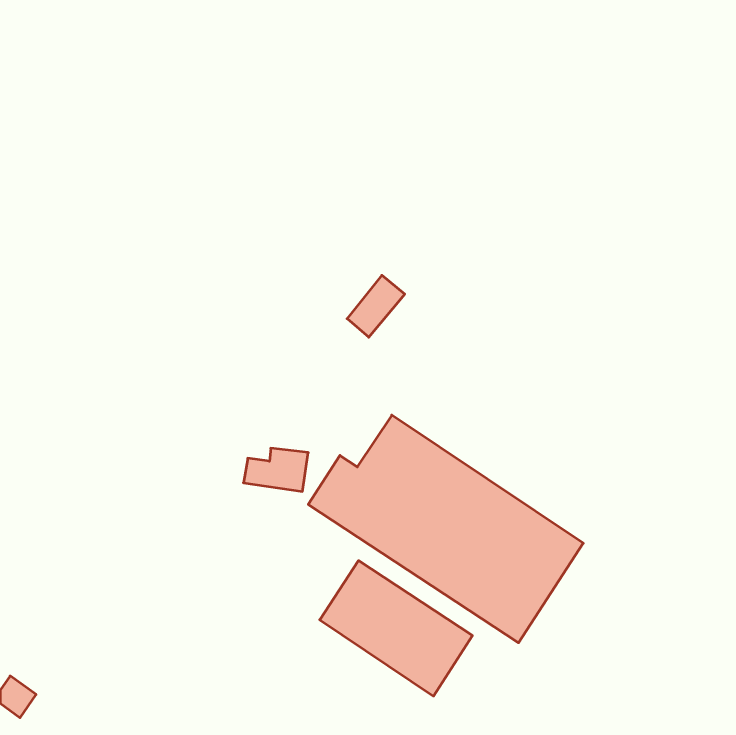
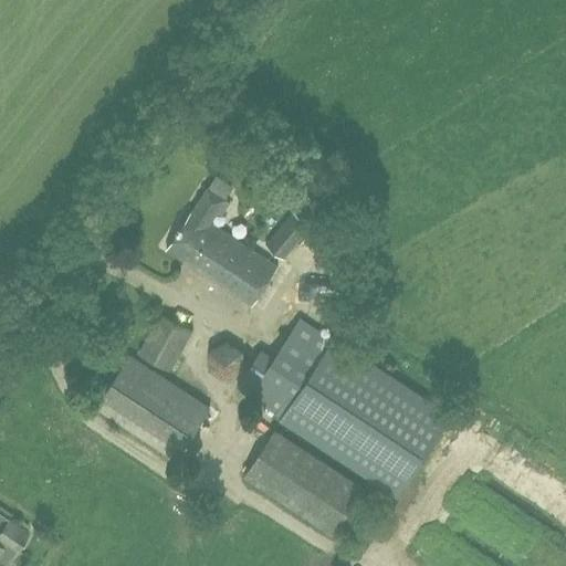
building: none -> [166,188,277,306]
building: none -> [138,315,190,371]
building: none -> [96,357,209,460]

